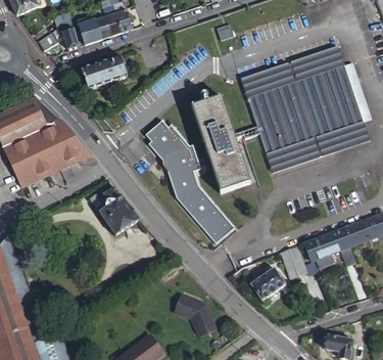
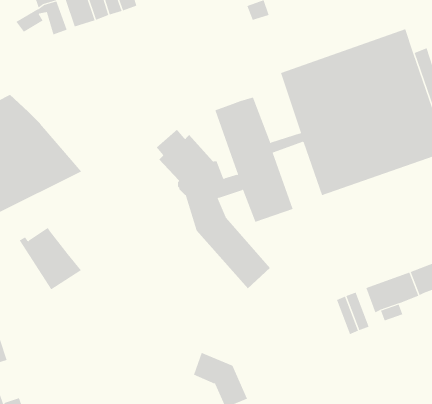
building: [82,55,130,92] -> none
building: [93,185,141,233] -> [19,227,82,290]
building: [253,268,289,301] -> none

